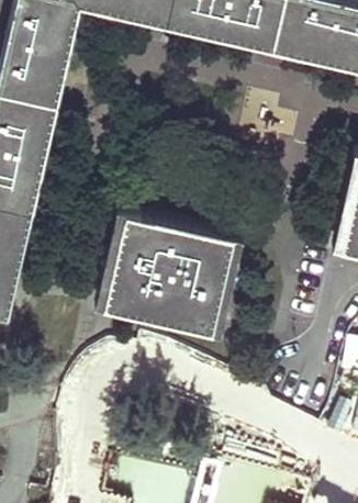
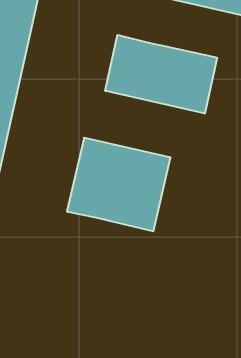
building: none -> [105,35,217,114]

